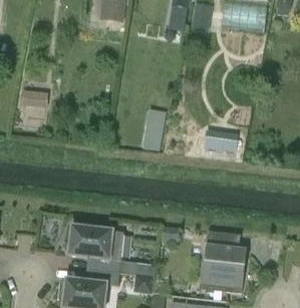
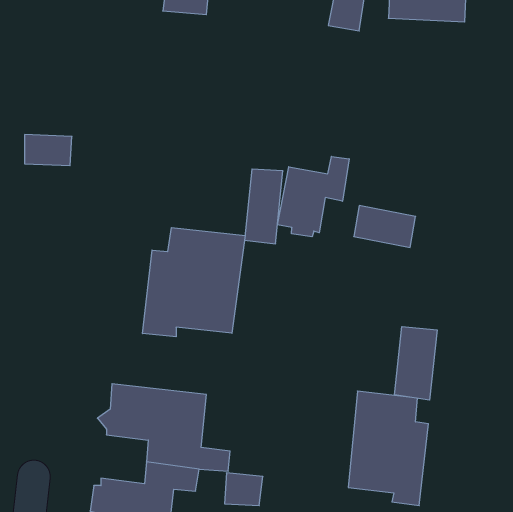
building: none -> [277,156,349,237]
building: none -> [143,228,245,337]
building: none -> [394,327,437,400]

